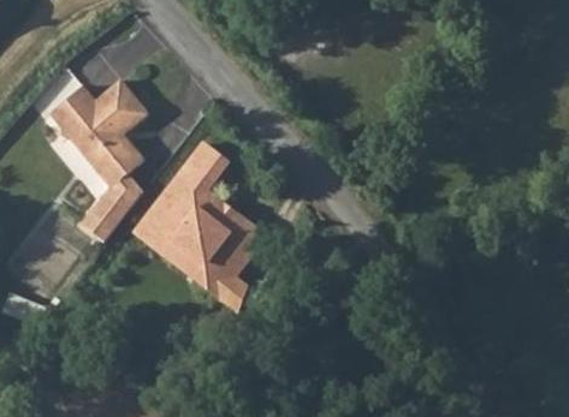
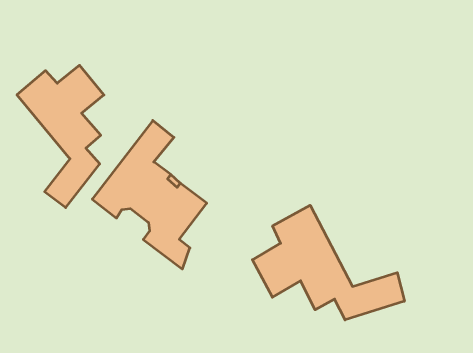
building: none -> [252,205,404,320]

